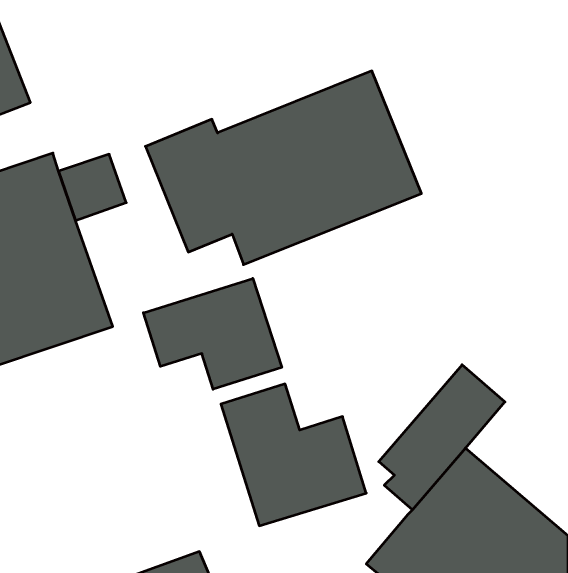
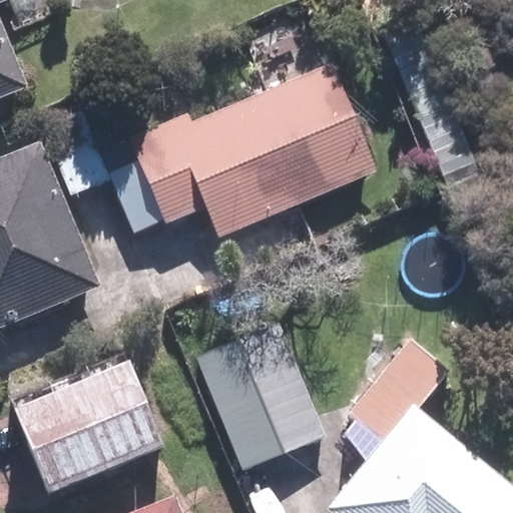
building: [143,278,282,389] -> none
building: none -> [9,354,175,498]

